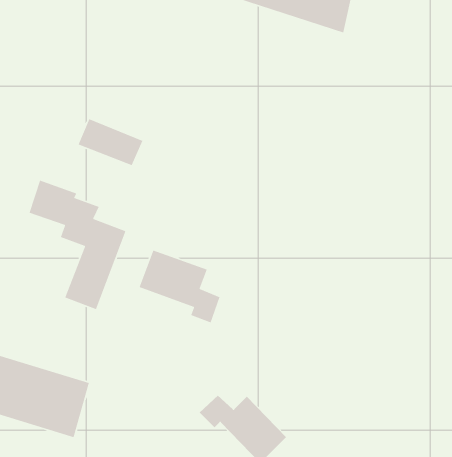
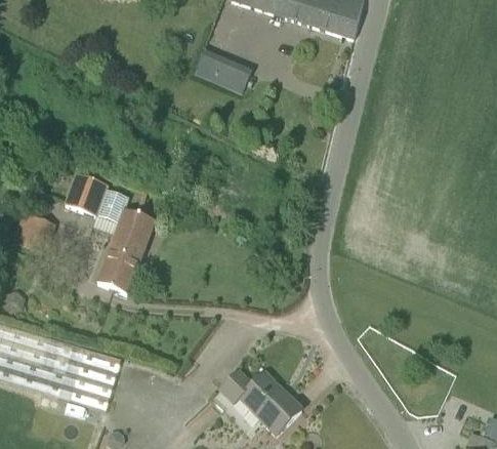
building: [78,118,143,166] -> [191,48,251,92]
building: [138,249,220,323] -> none

